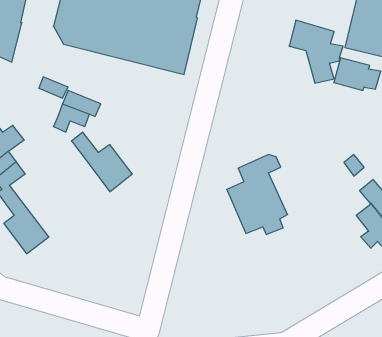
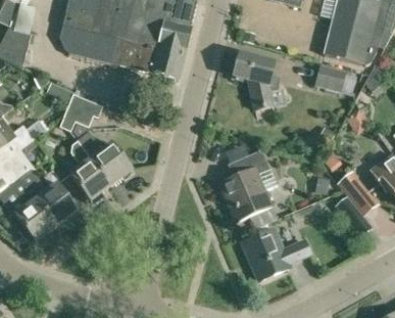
building: [289,20,343,83] -> [233,52,282,109]
building: none -> [69,140,111,200]
building: none -> [20,171,78,226]
building: none -> [244,230,301,280]

